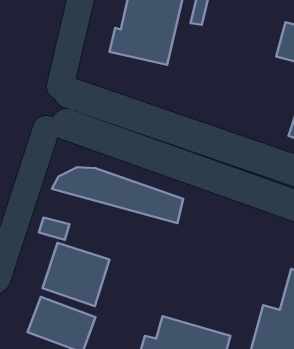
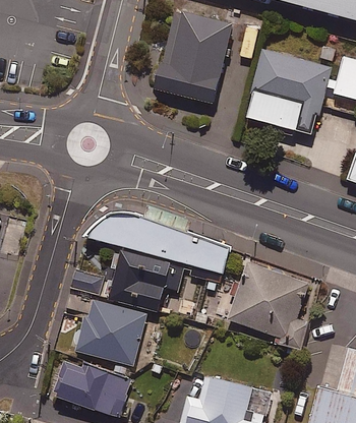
building: none -> [243,48,332,134]
building: none -> [108,249,185,312]
building: none -> [227,263,310,352]

